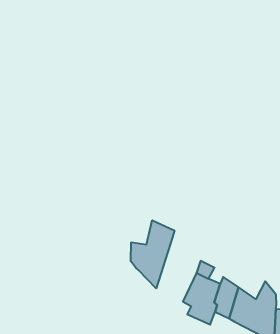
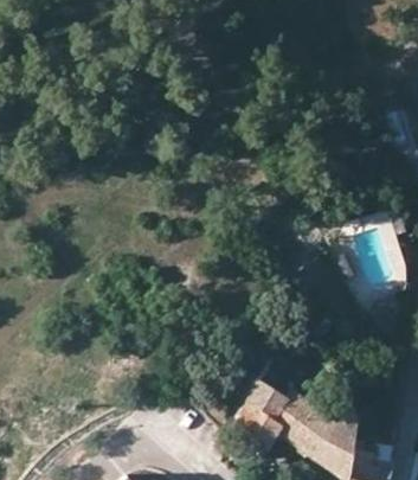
building: [131,220,174,288] -> none

